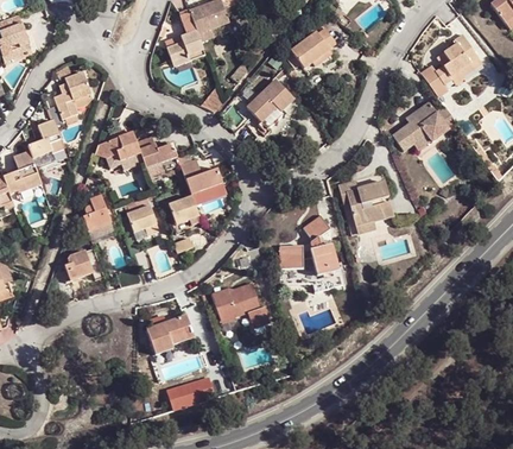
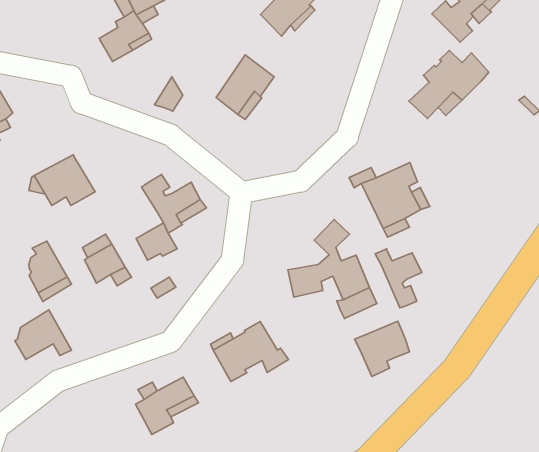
building: [135,138,177,167] -> none
building: none -> [375,249,422,308]
building: none -> [355,321,410,377]

